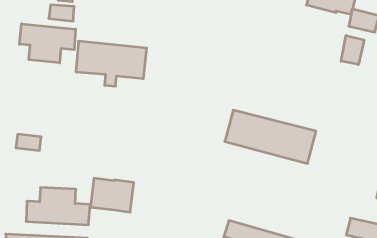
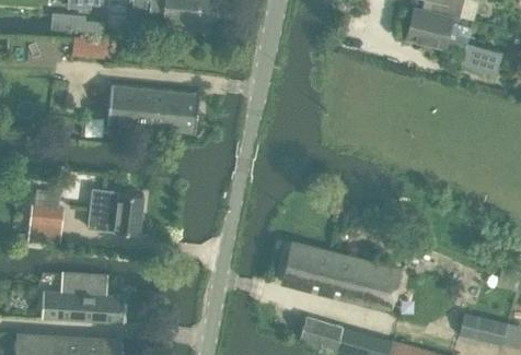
building: [19,24,76,63] -> none
building: [341,35,364,65] -> none
building: [225,110,316,163] -> [282,242,401,311]
building: [91,178,134,212] -> [88,190,143,234]

